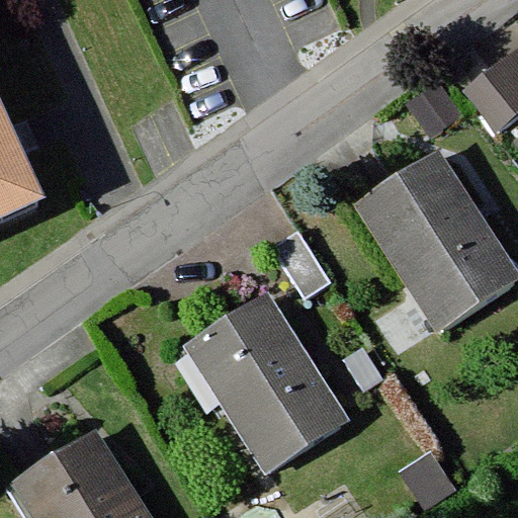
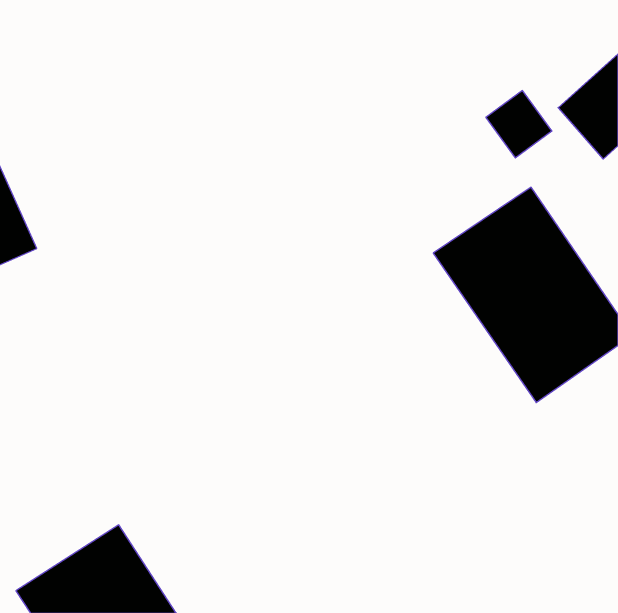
building: [186,294,349,472] -> none

